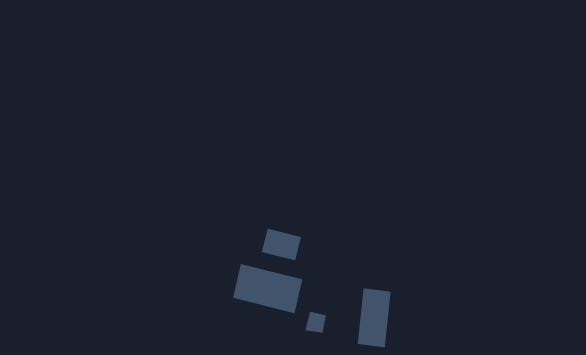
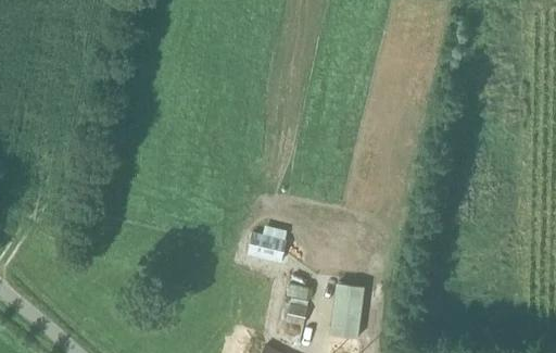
building: [232,263,303,314] -> none

